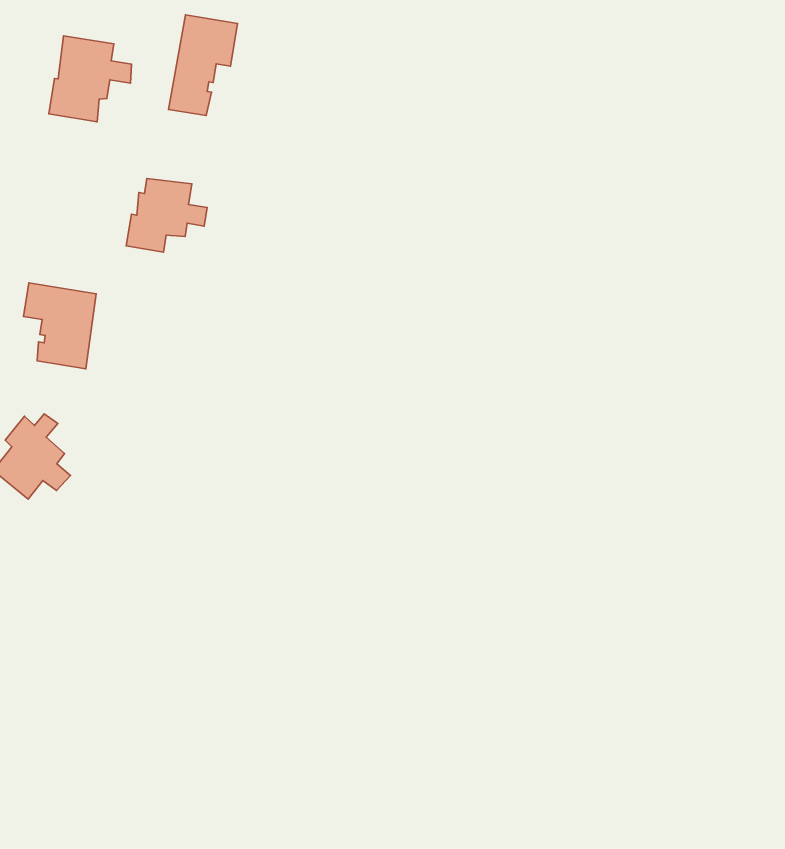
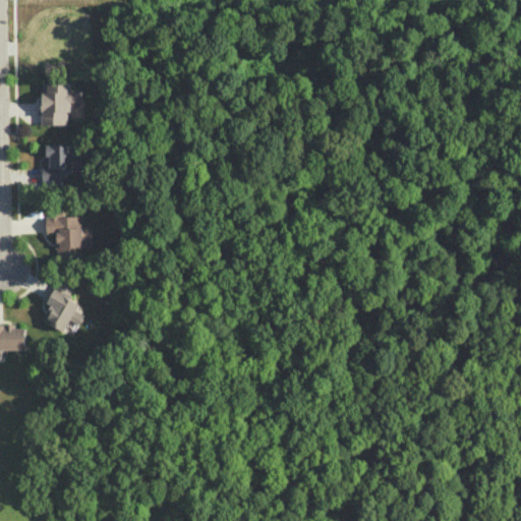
building: [169,15,238,116] -> none
building: [126,178,207,252] -> [41,144,80,183]

